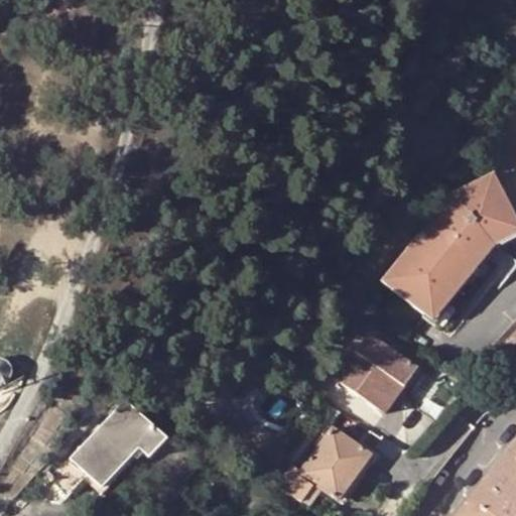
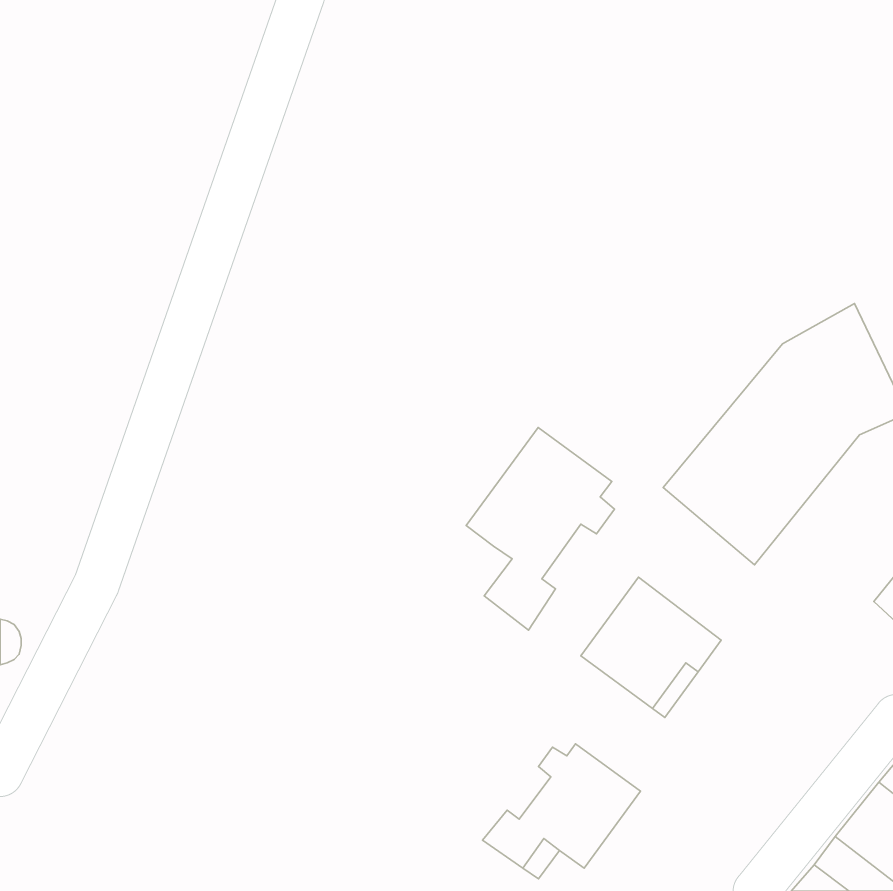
building: none -> [466,427,615,630]
building: [73,399,165,483] -> none

